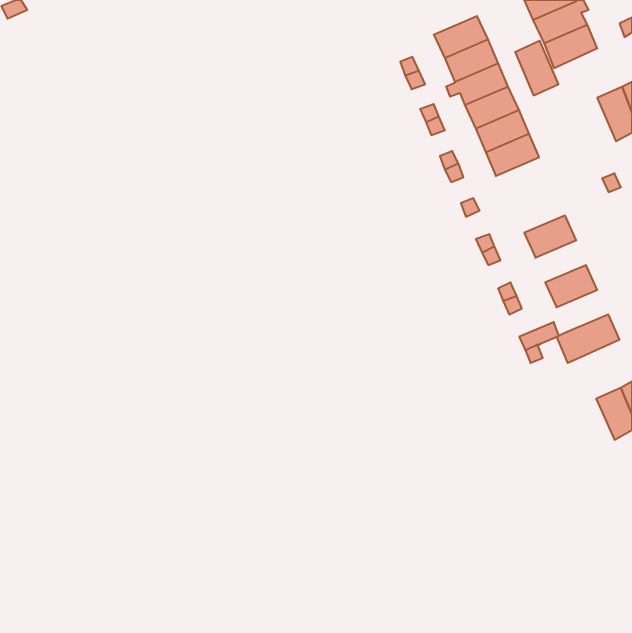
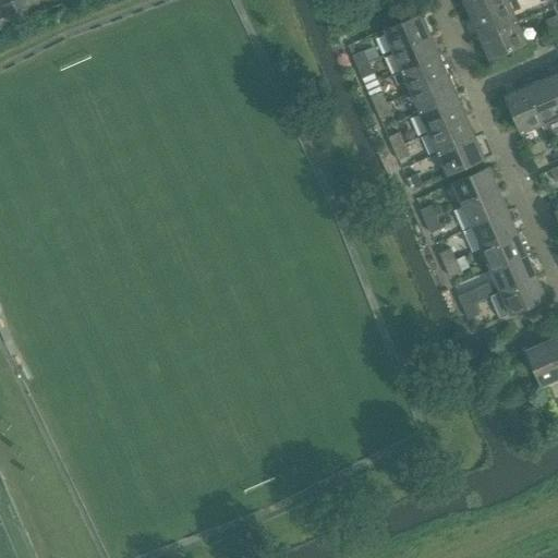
building: [515,41,558,95] -> [504,86,542,134]
building: none -> [436,138,483,175]
building: none -> [451,168,497,205]
building: none -> [471,211,515,248]
building: none -> [489,255,535,292]

